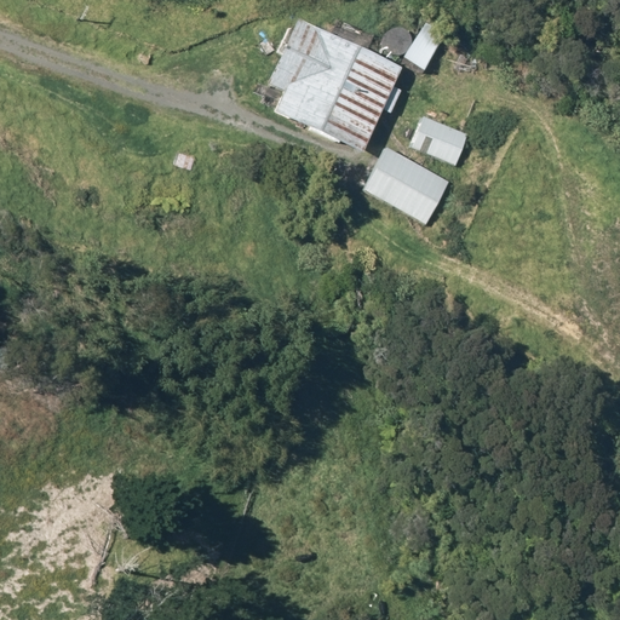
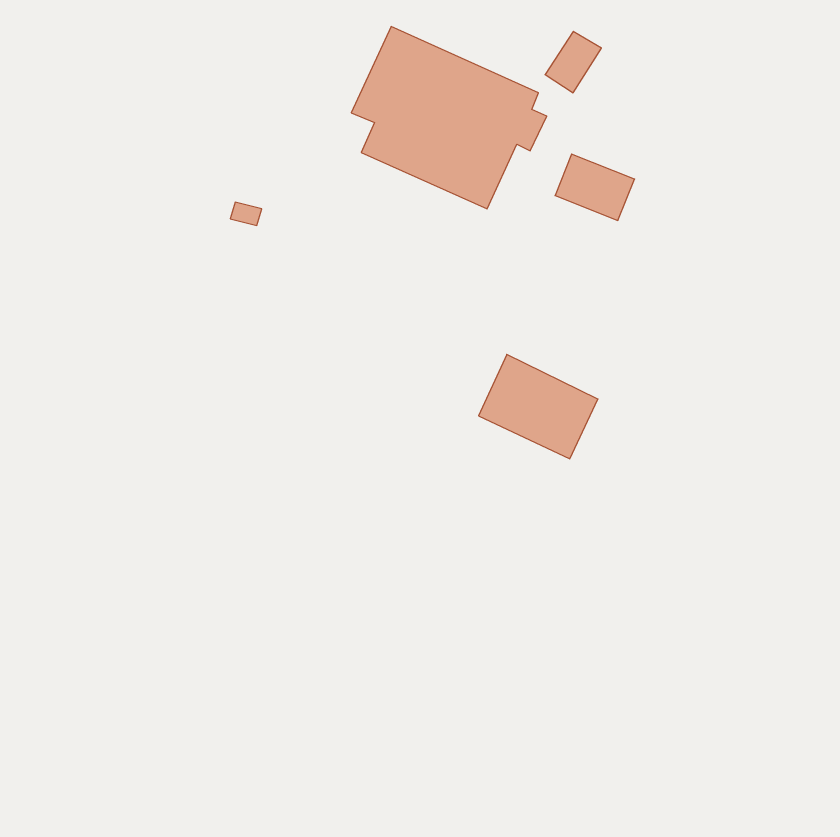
building: [364,145,452,222] -> [479,354,598,459]

